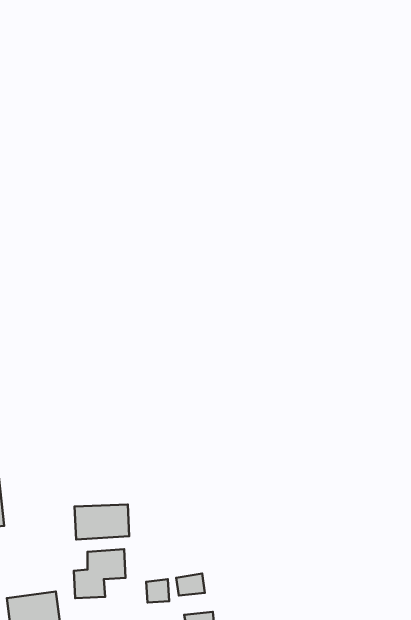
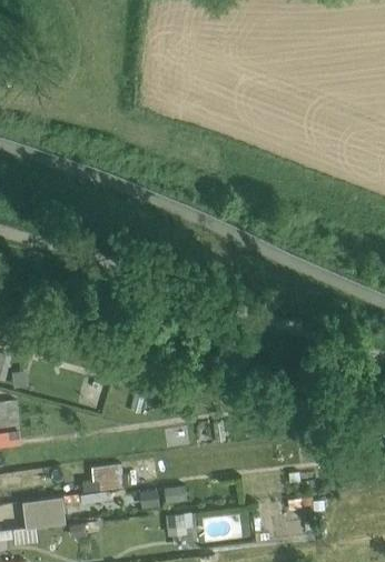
building: [75,505,129,539] -> none

